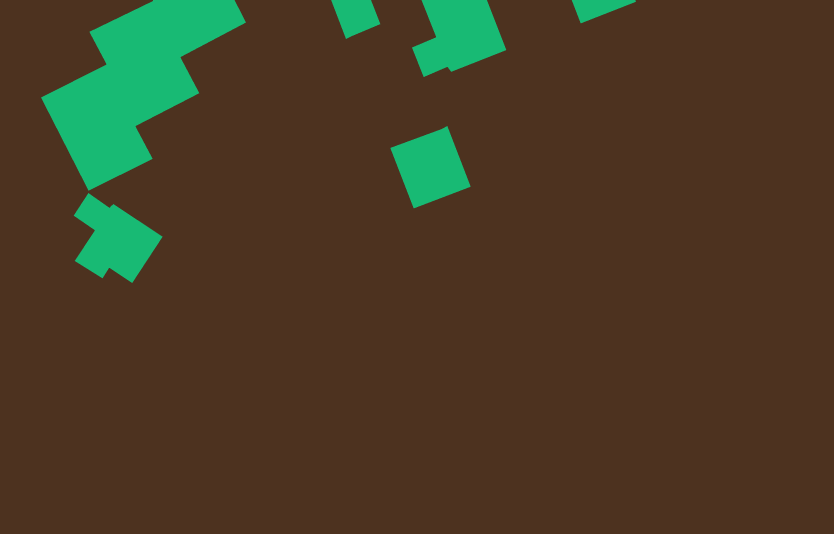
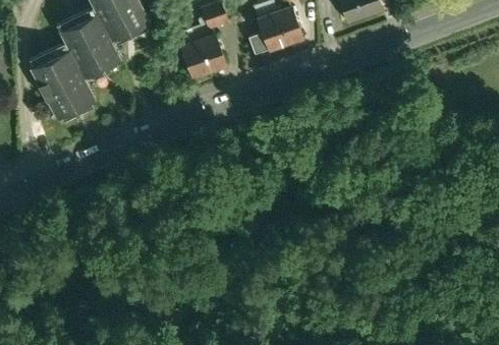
building: [389,125,472,209] -> [178,32,227,81]
building: [73,192,164,284] -> none

